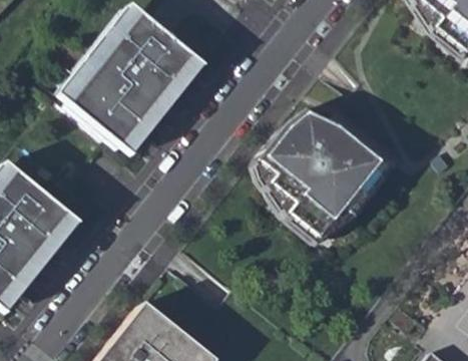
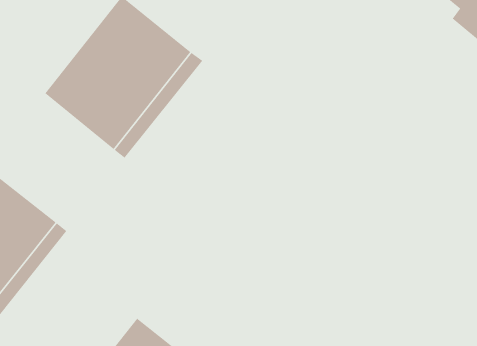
building: [262,107,388,236] -> none

